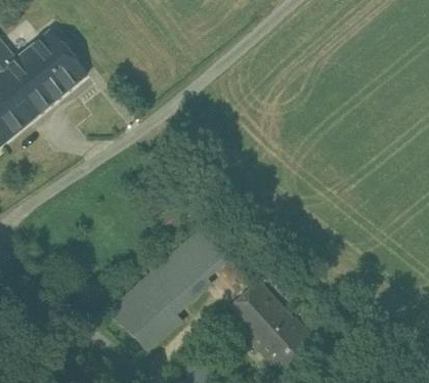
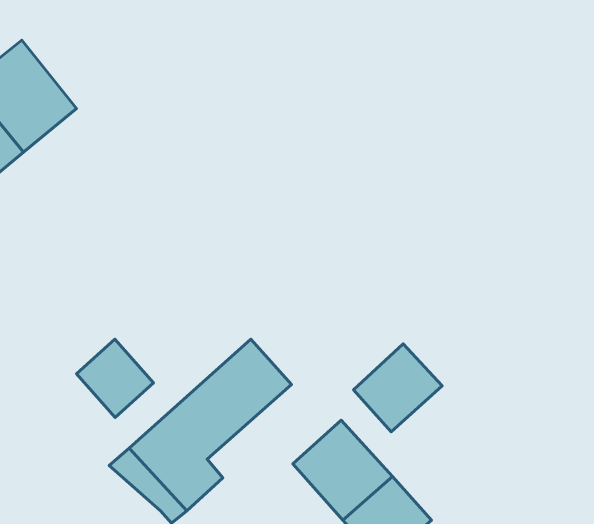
building: none -> [76,339,154,418]
building: none -> [354,344,442,432]

